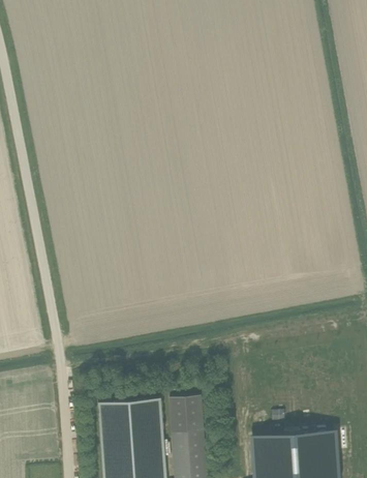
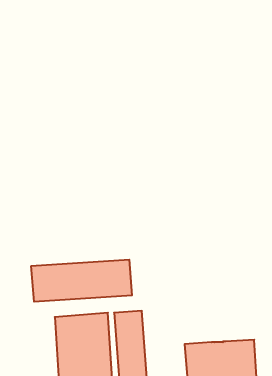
building: none -> [31,260,132,302]

